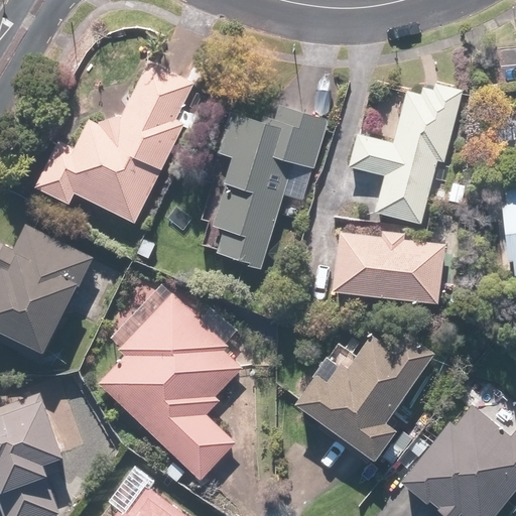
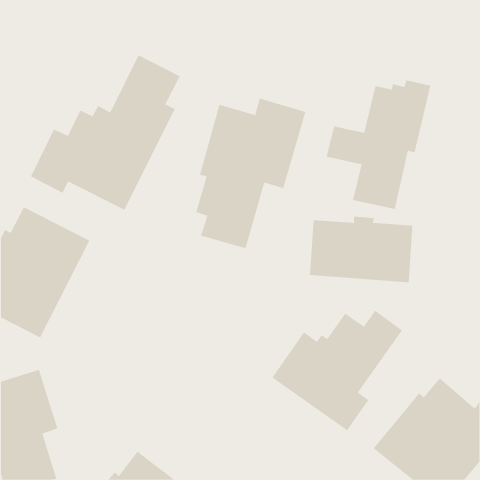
building: [97,291,240,483] -> none

